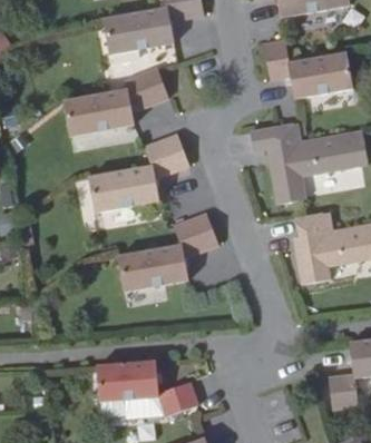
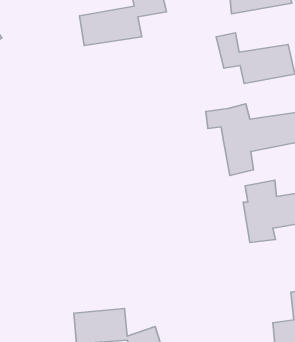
building: [64,68,168,137] -> none
building: [88,135,189,213] -> none
building: [117,213,218,293] -> none

